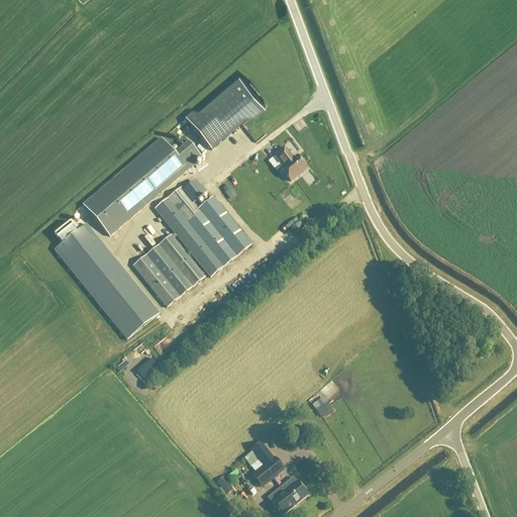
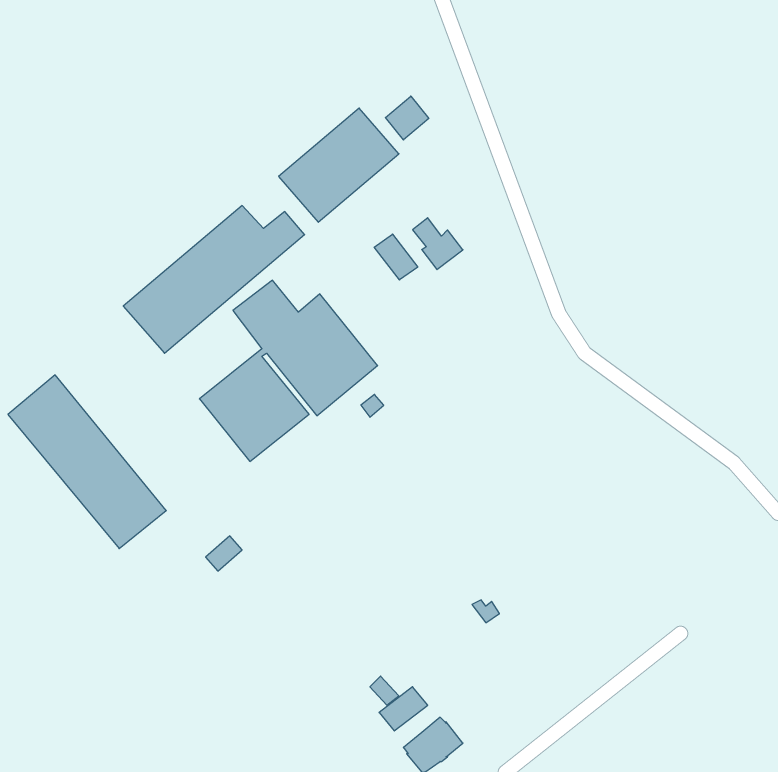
building: none -> [385,96,429,140]
building: none -> [374,234,418,280]
building: [54,222,159,337] -> [8,375,166,549]

